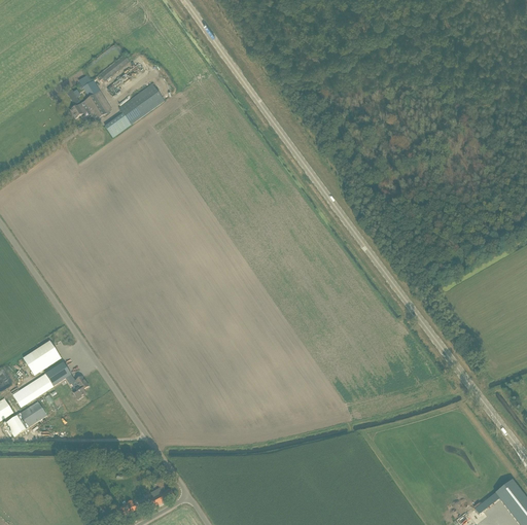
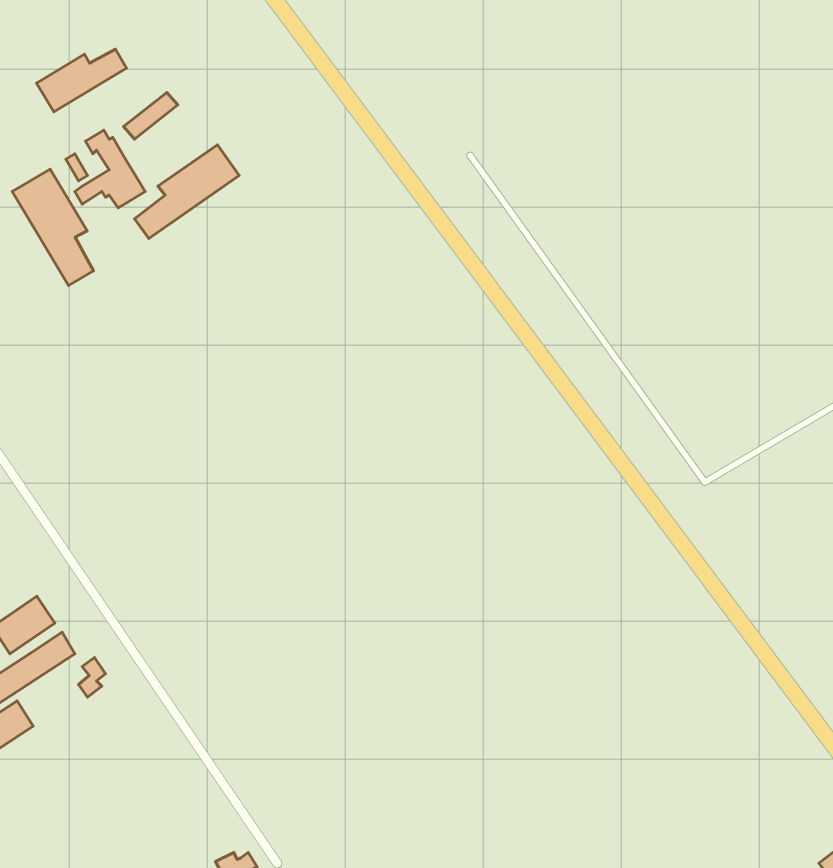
building: none -> [37,49,127,112]
building: none -> [12,169,93,285]

